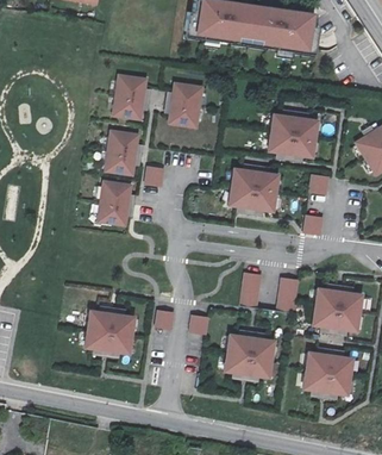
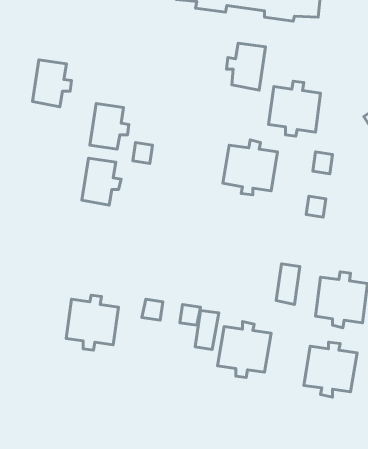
building: [115,73,151,116] -> [32,60,72,107]
building: [167,81,202,124] -> [227,43,266,90]
building: [240,270,262,306] -> [195,310,219,350]

